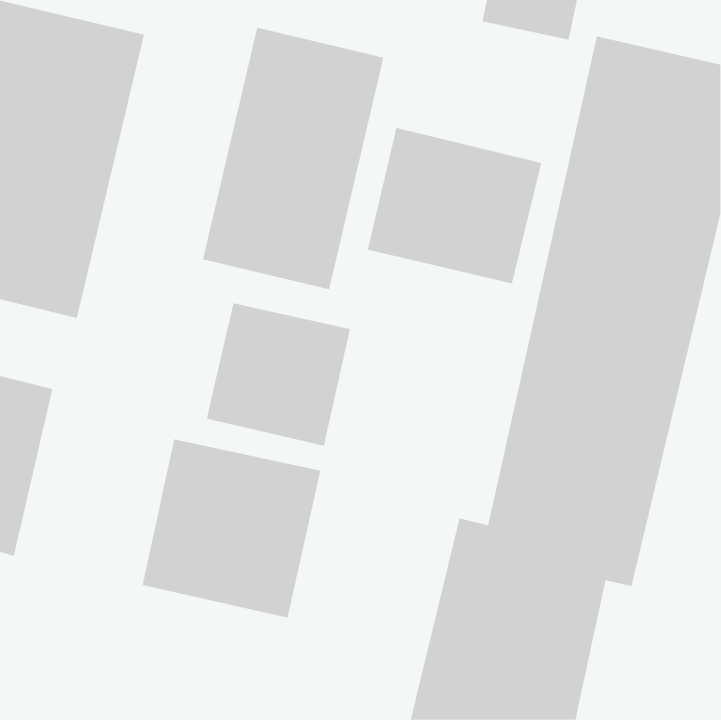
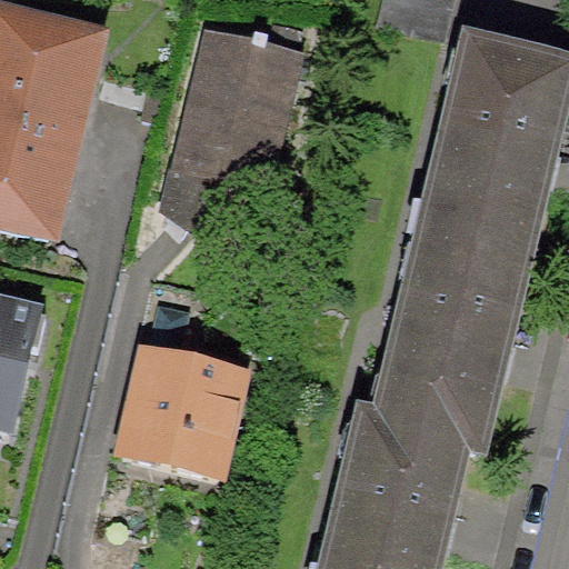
building: [367,127,542,284] -> none
building: [206,303,350,447] -> none

